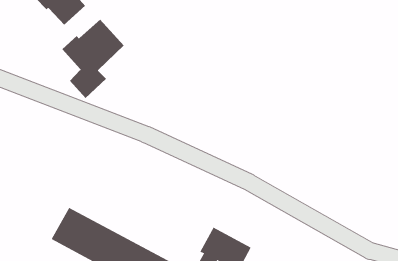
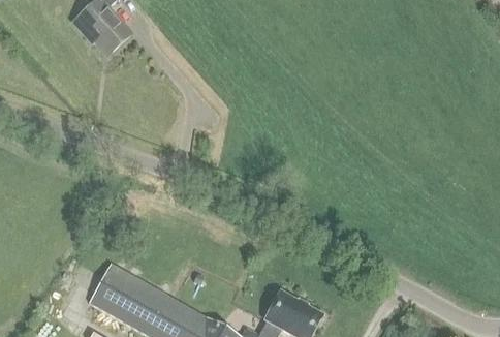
building: [62,19,125,99] -> none

